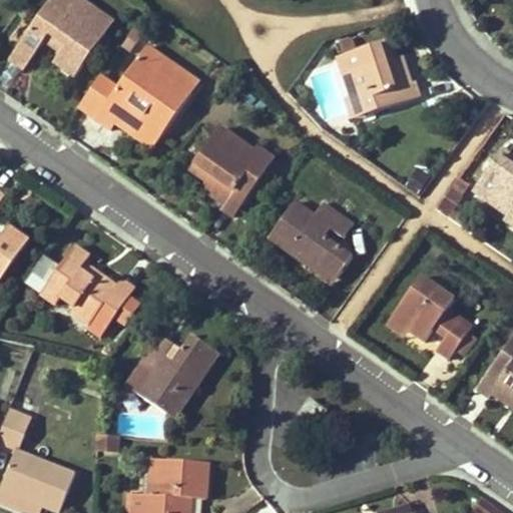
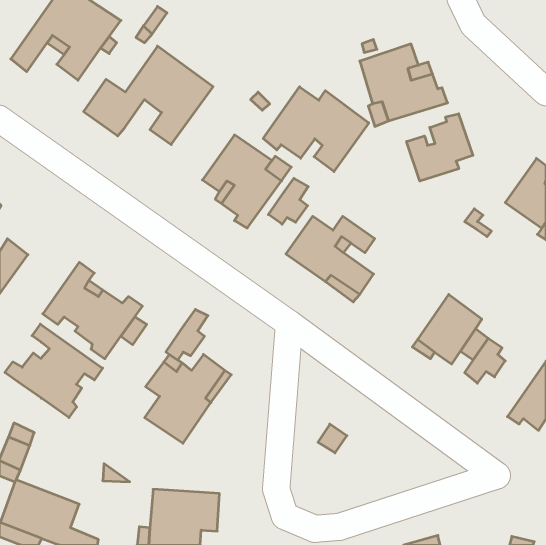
building: none -> [263,87,369,172]
building: [116,93,160,146] -> none
building: none -> [407,114,473,181]
building: none -> [268,178,308,224]
building: none -> [166,309,208,360]
building: none -> [5,324,103,418]

